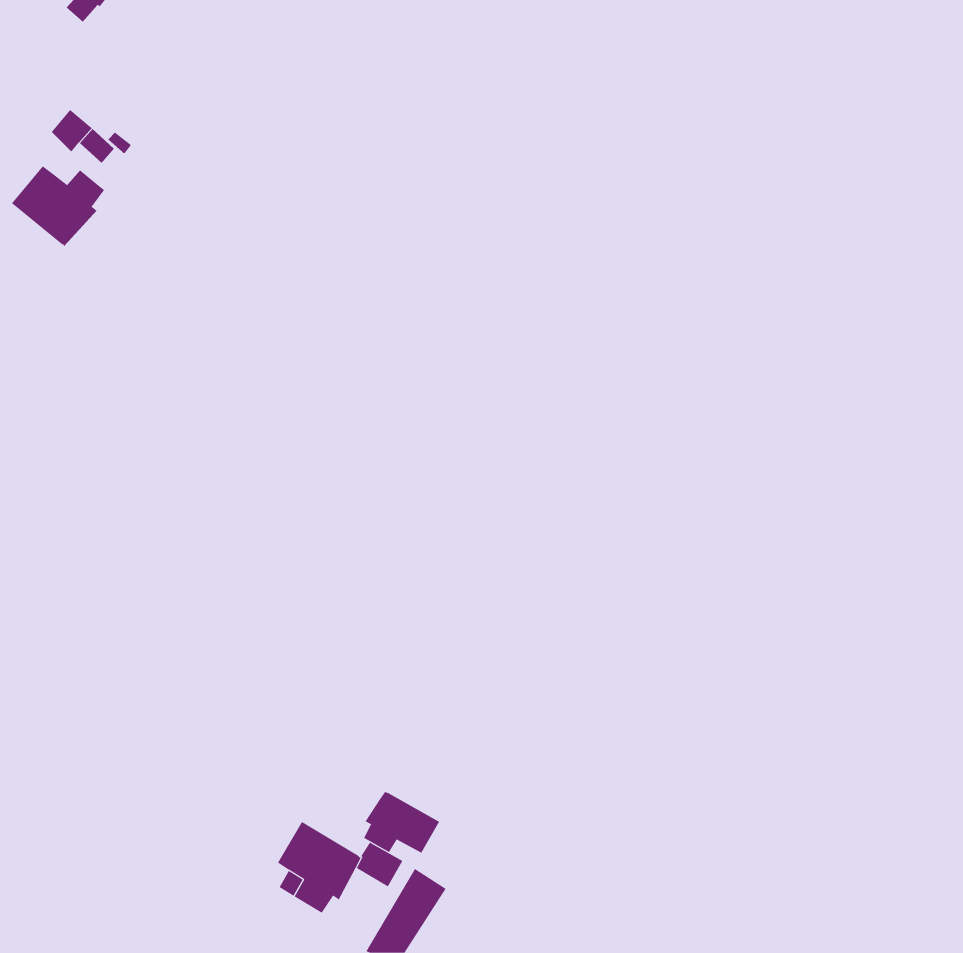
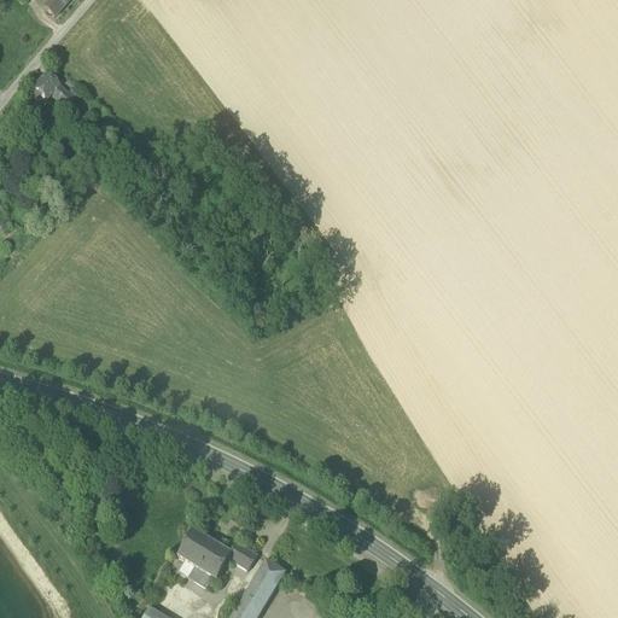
building: [11,166,105,247] -> none
building: [363,791,440,853] -> none

